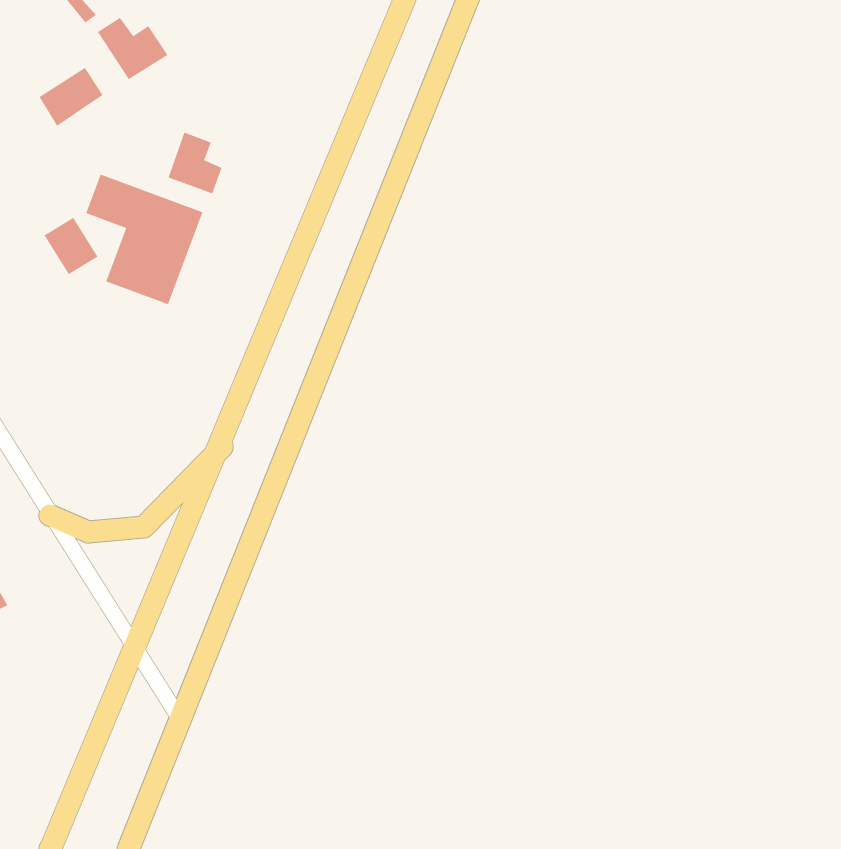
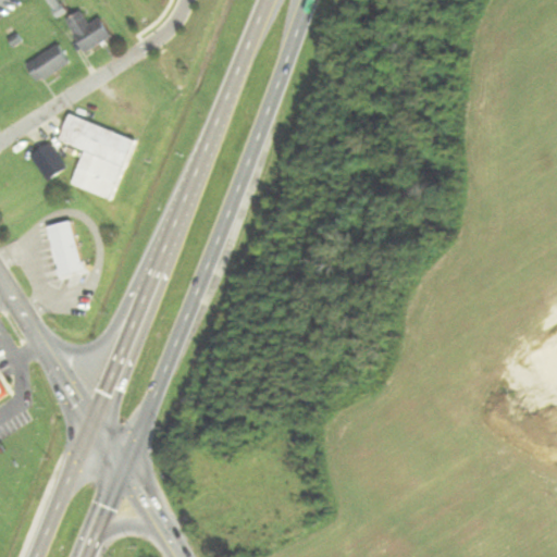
building: [168,132,223,195] -> none
building: none -> [47,219,82,274]

